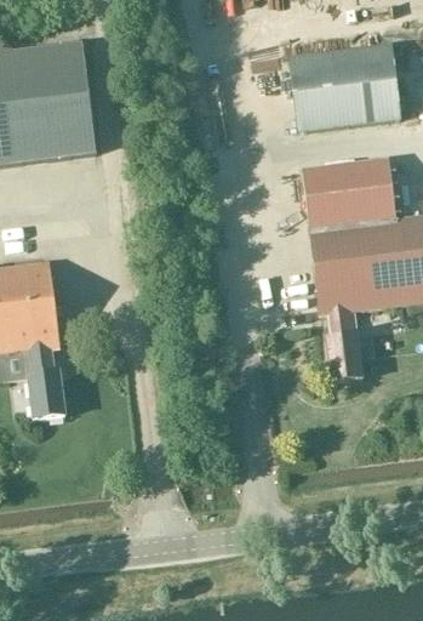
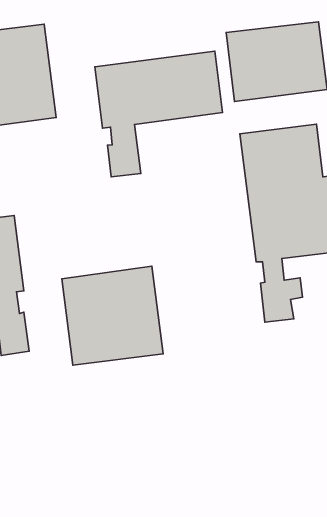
building: none -> [95,51,222,177]
building: none -> [62,266,163,365]

